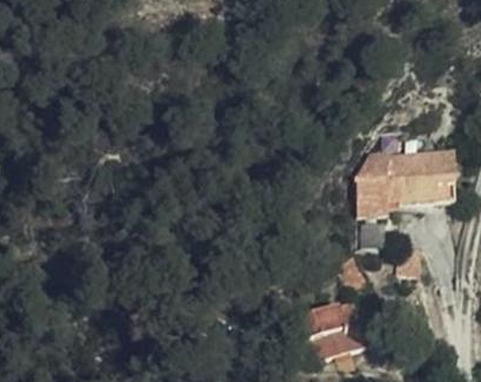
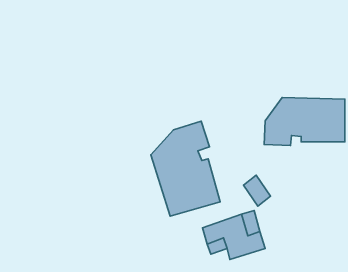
building: none -> [151,121,220,216]

